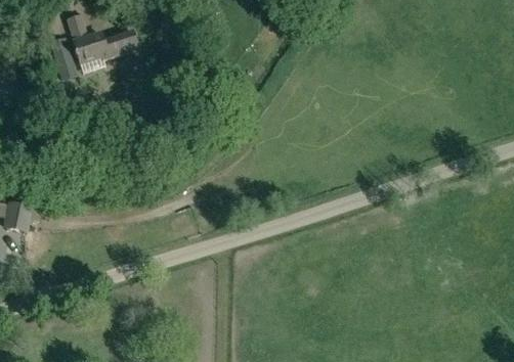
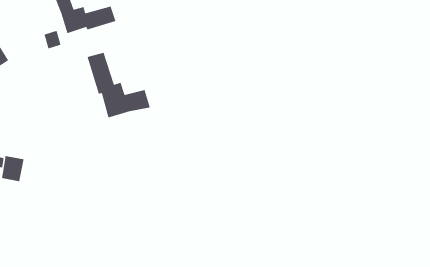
building: none -> [87,52,151,119]

